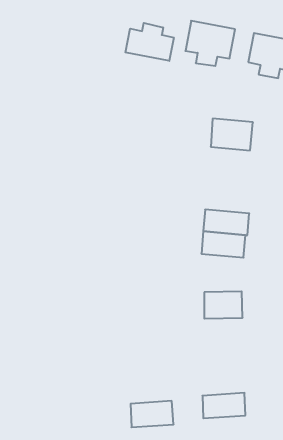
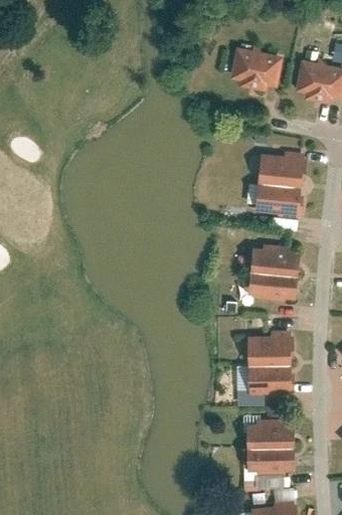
building: [125,23,174,61] -> none
building: none -> [254,181,300,211]
building: none -> [249,364,292,394]
building: [131,401,174,427] -> [246,419,293,448]

